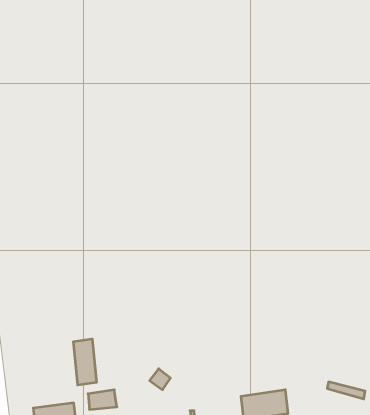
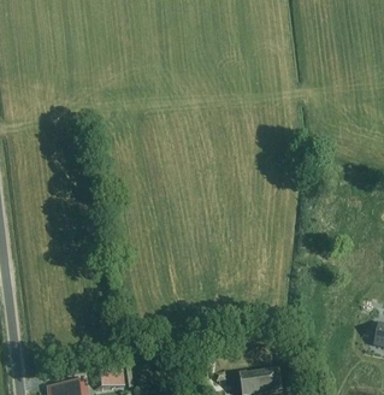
building: [74,339,96,385] -> none

